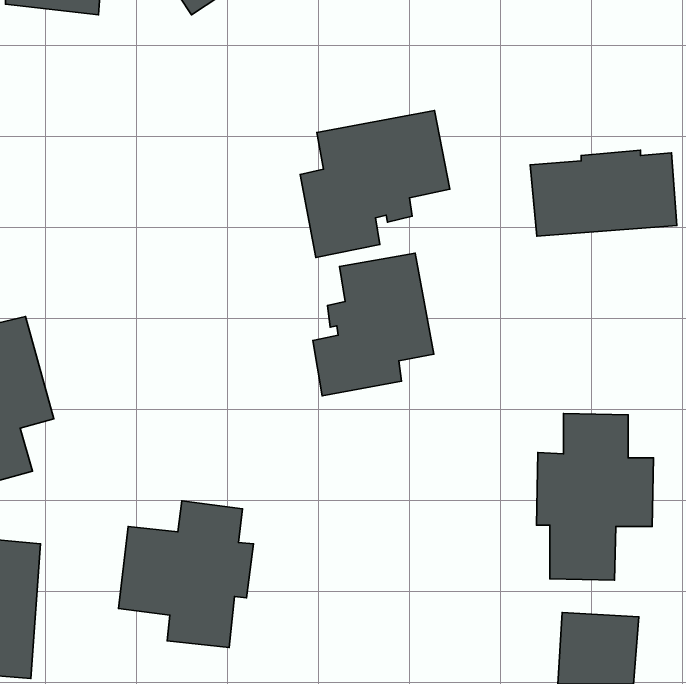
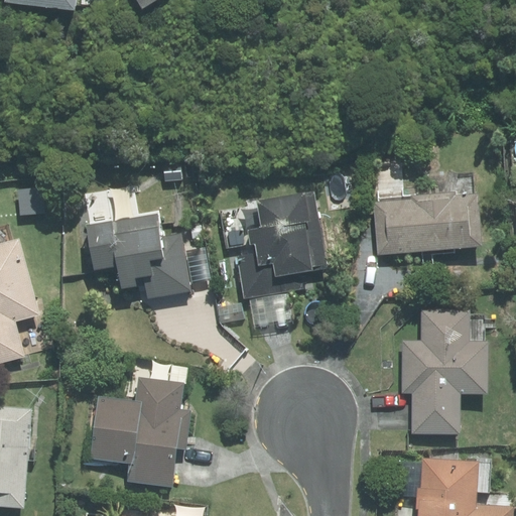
building: [300,110,450,257] -> none
building: [530,150,677,236] -> [372,190,482,255]
building: none -> [87,214,190,296]

